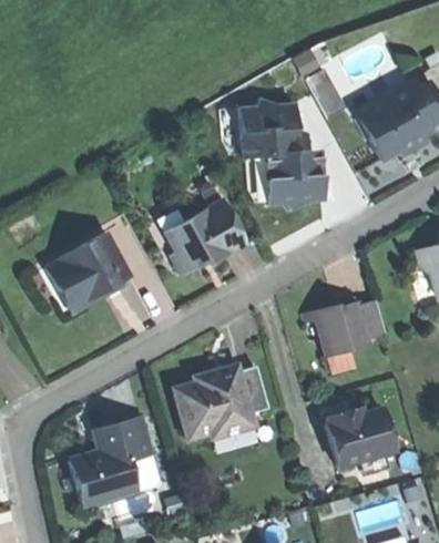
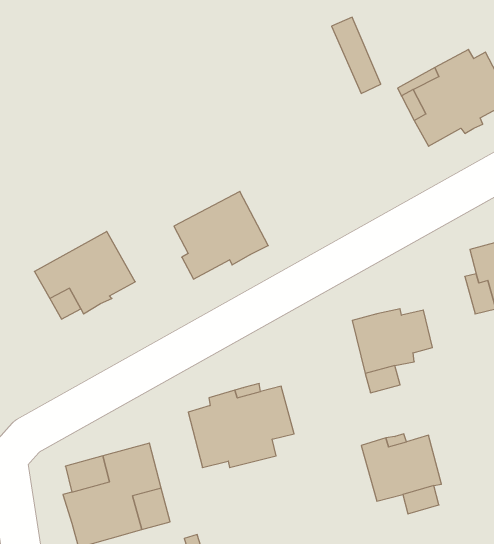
building: [238,100,324,208] -> none

